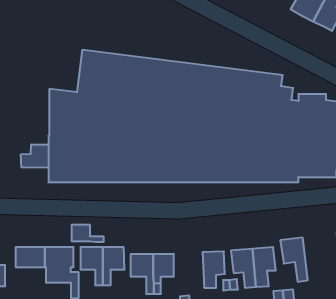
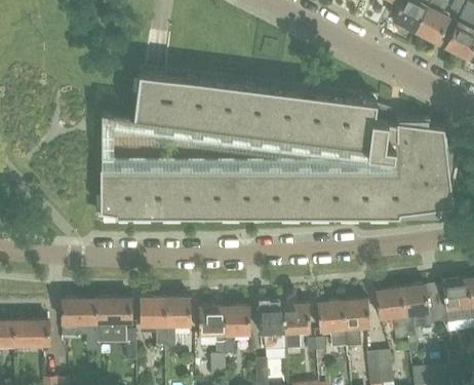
building: [21,144,48,168] -> none
building: [72,225,103,242] -> none
building: none -> [402,284,432,354]
building: none -> [258,305,285,349]

